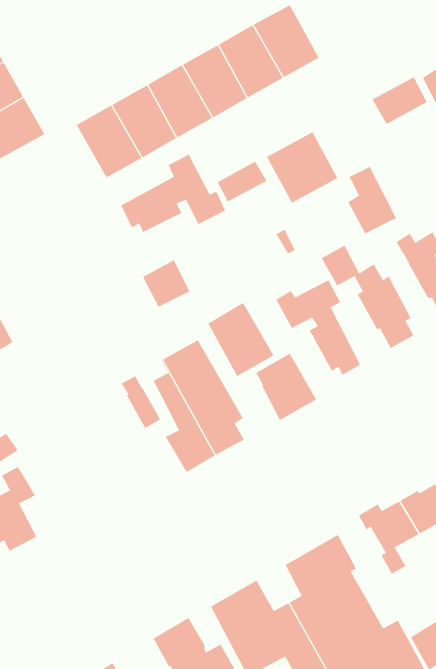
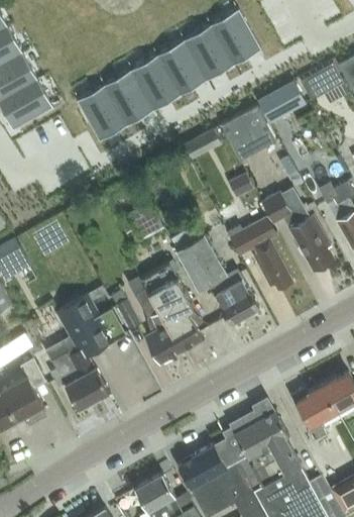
building: none -> [257,82,305,123]
building: [121,154,226,233] -> none
building: none -> [49,295,113,410]

